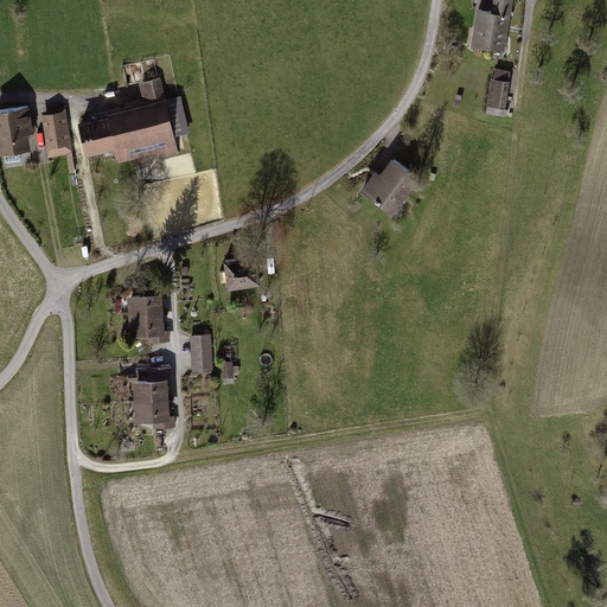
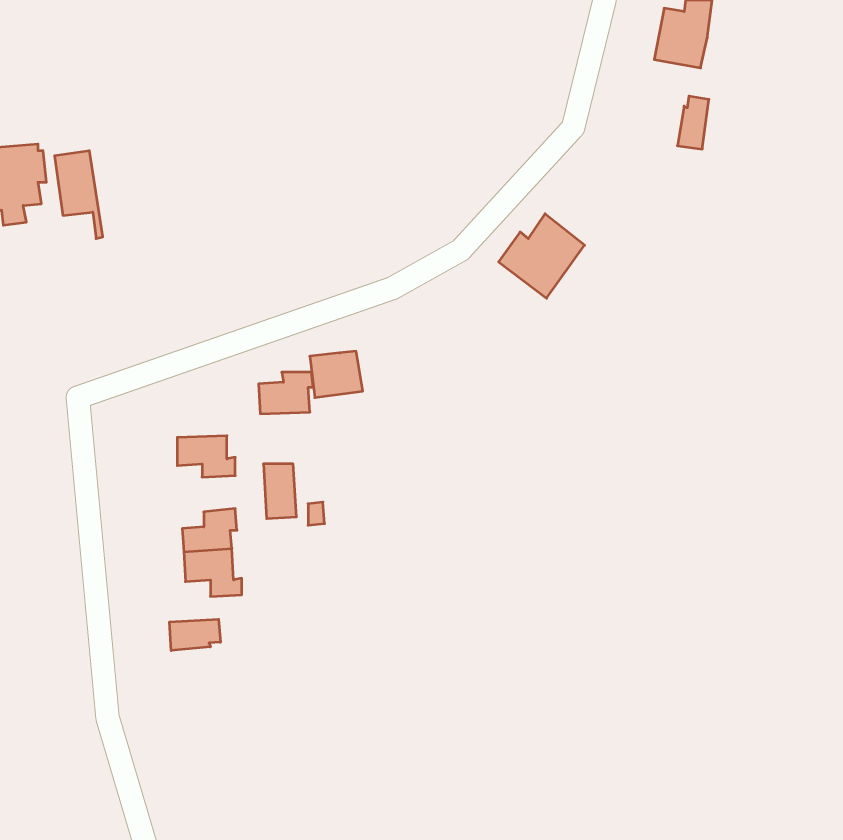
building: [78,81,186,162] -> none
building: [126,288,165,318] -> [259,372,313,414]
building: none -> [170,619,220,651]

